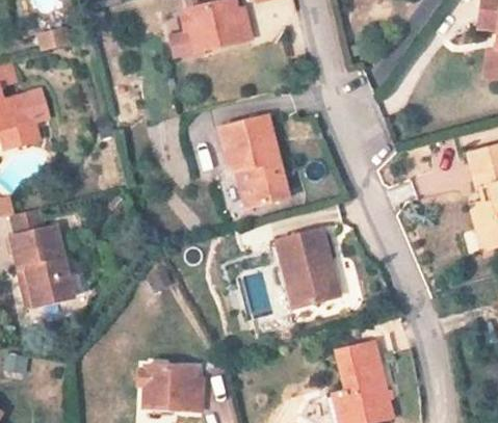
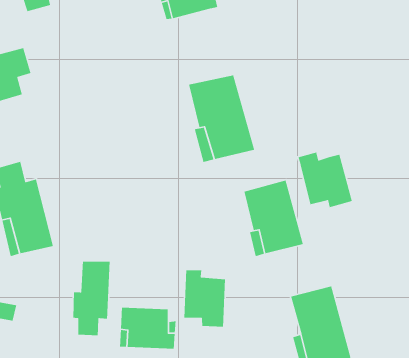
building: none -> [298,152,353,208]
building: none -> [72,261,110,336]
building: none -> [184,270,226,327]

